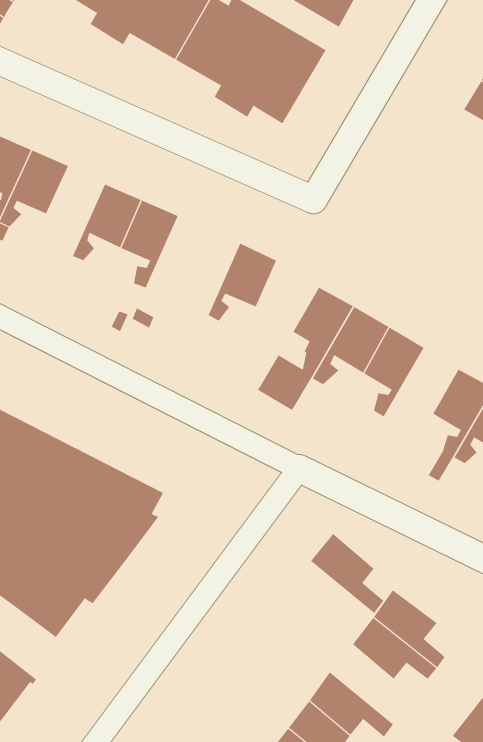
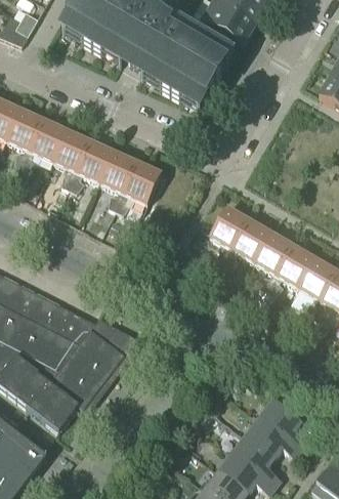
building: none -> [53,129,90,186]
building: [208,243,277,322] -> [117,161,161,211]
building: none -> [268,245,315,293]
building: [310,533,384,614] -> [234,433,281,485]

